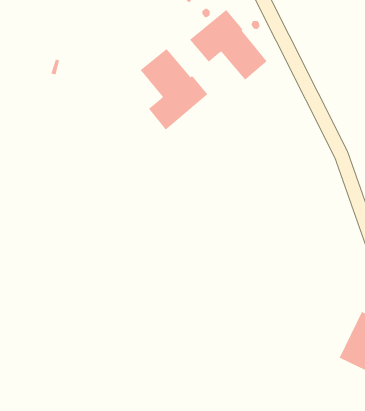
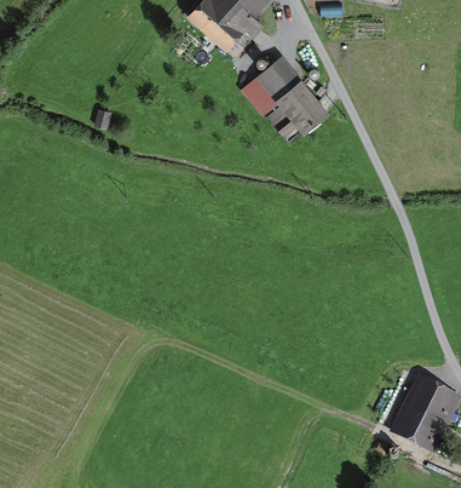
building: [140,48,208,130] -> none

